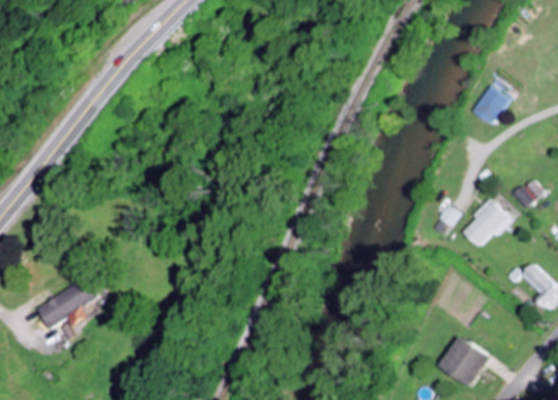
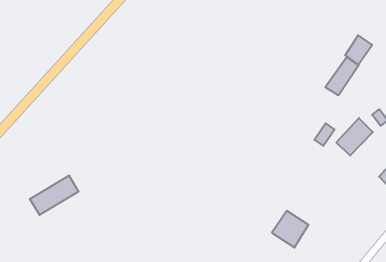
building: none -> [325,57,359,95]
building: [441,336,491,386] -> [272,211,309,248]

